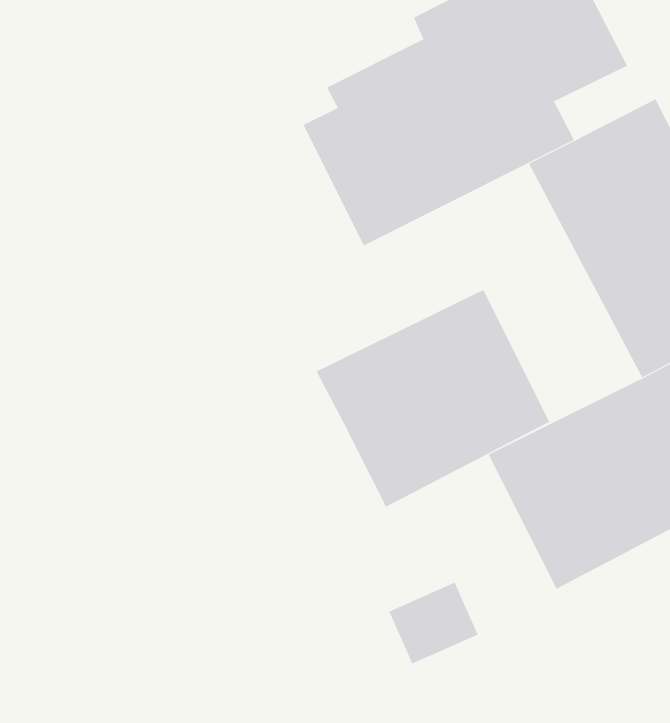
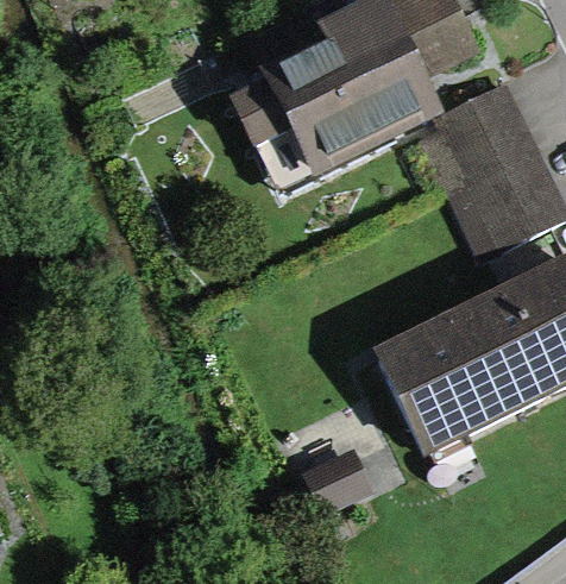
building: [316,289,550,507] -> none

